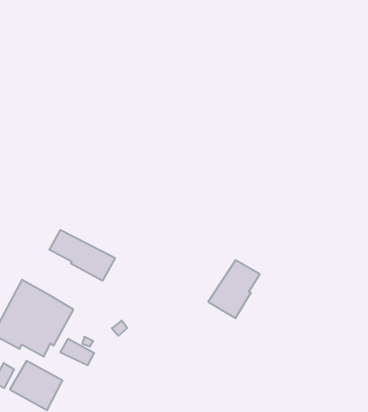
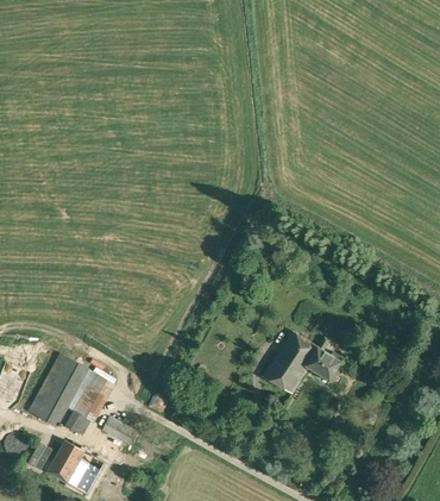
building: [49,230,115,281] -> none
building: none -> [304,337,341,380]

